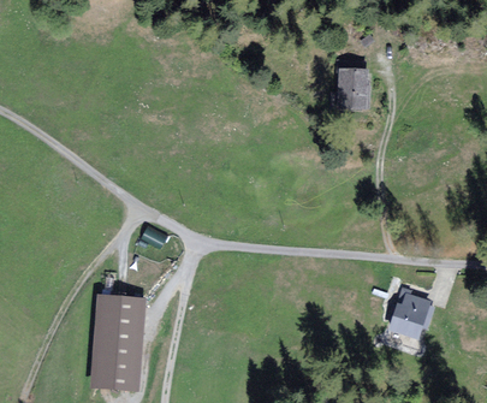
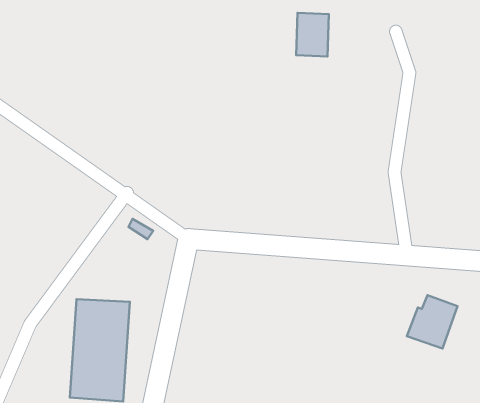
building: [337,67,366,106] -> [296,13,329,56]

